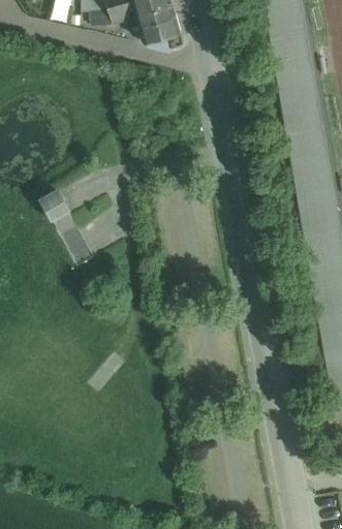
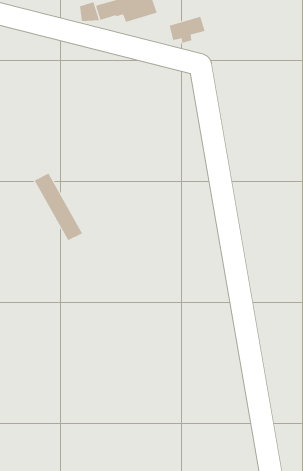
building: [141,15,181,45] -> [169,16,206,43]

